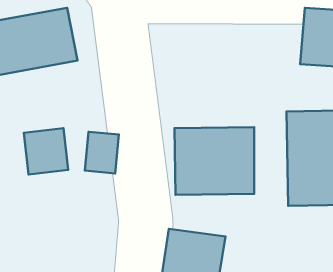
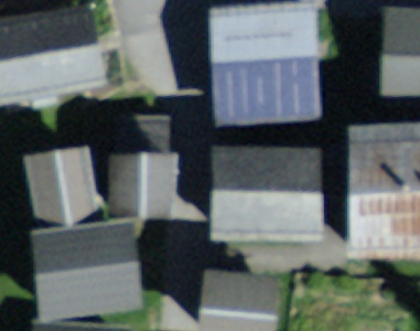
building: none -> [213,19,310,108]
building: none -> [35,229,128,308]

